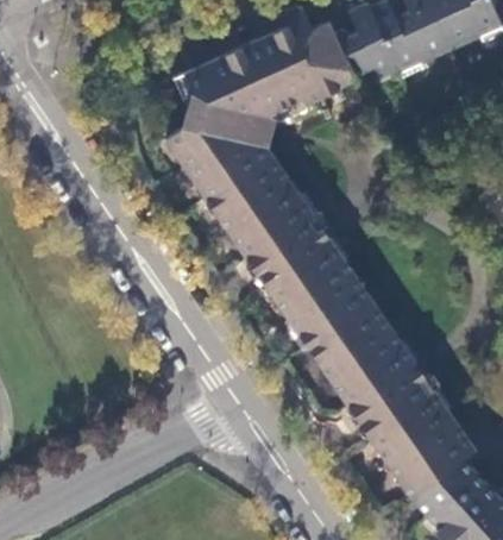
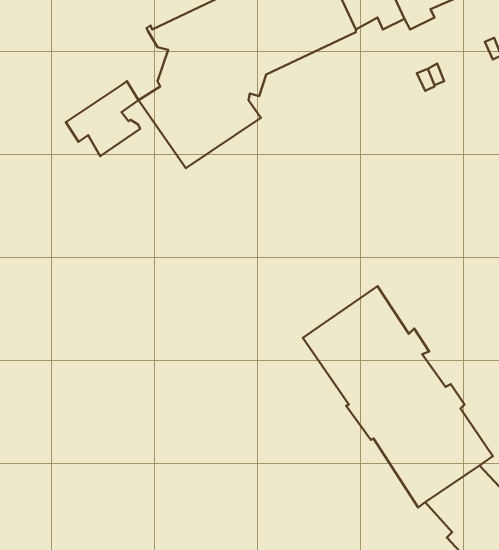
building: none -> [66,81,140,156]
building: [206,157,373,350] -> none

